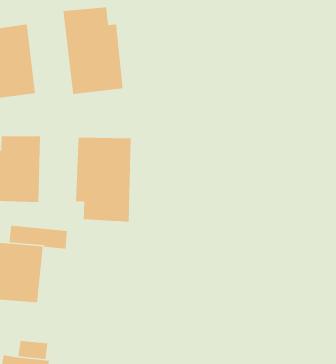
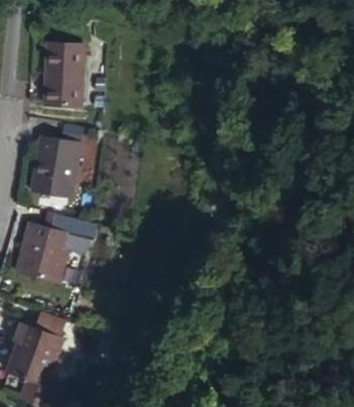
building: [63,7,123,95] -> none
building: [75,137,132,222] -> none

